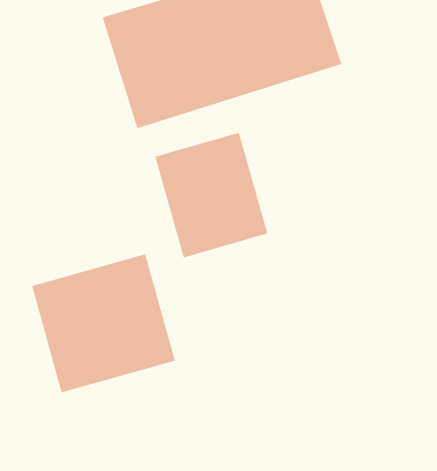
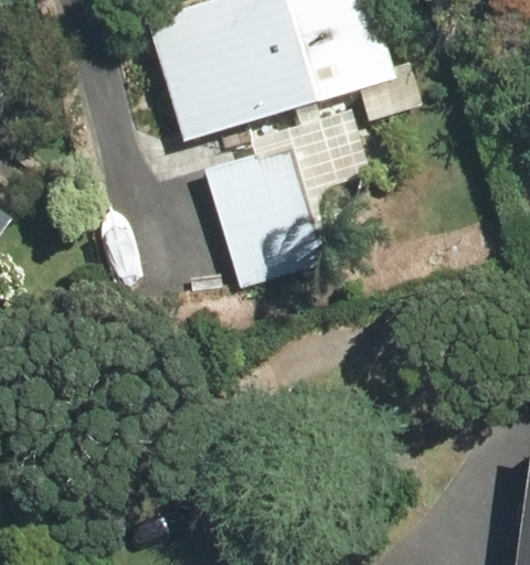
building: [31,253,175,393] -> none

